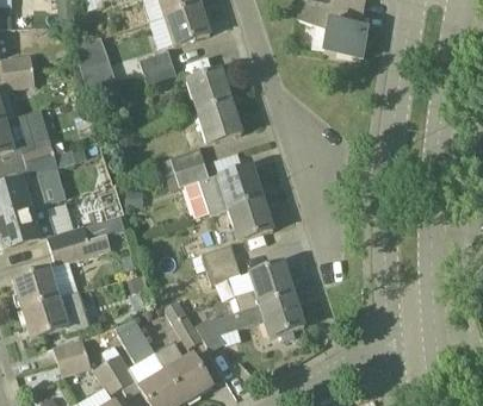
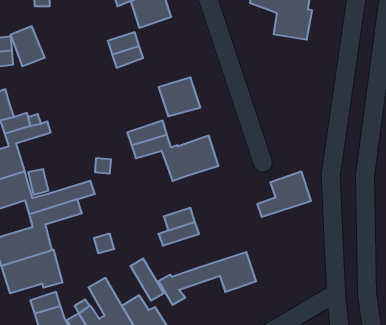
building: [78,33,116,77] -> [10,26,45,66]
building: [186,67,231,110] -> none
building: [228,196,273,241] -> none
building: [234,260,293,310] -> [257,172,311,217]

